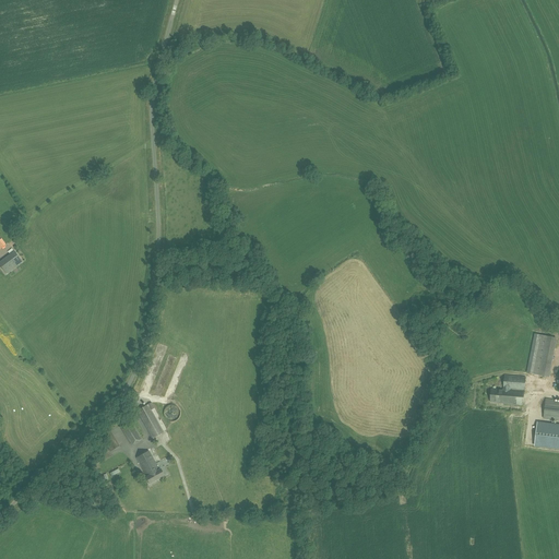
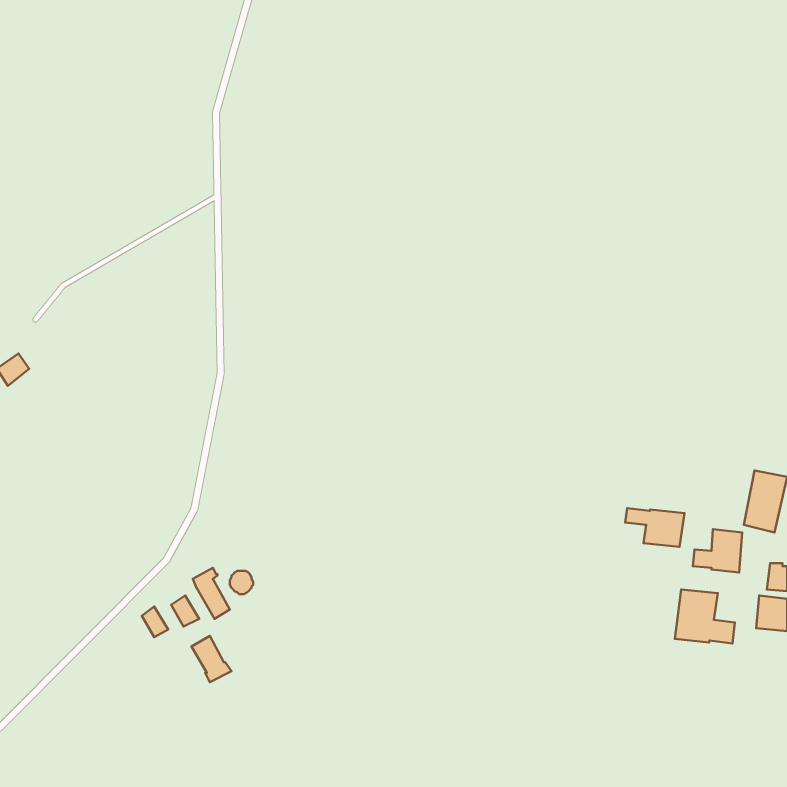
building: none -> [625,508,685,547]
building: none -> [675,589,735,643]

